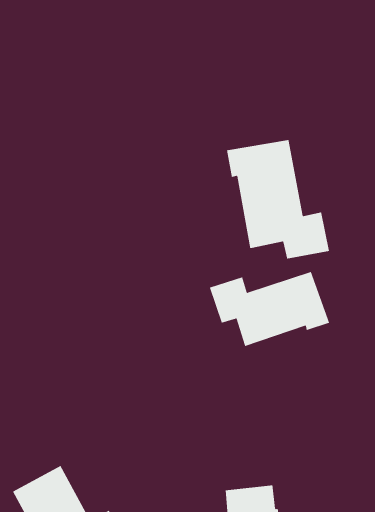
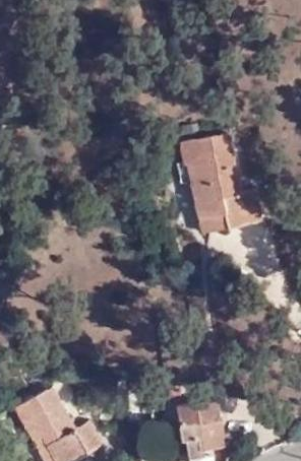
building: [209,271,330,347] -> none

